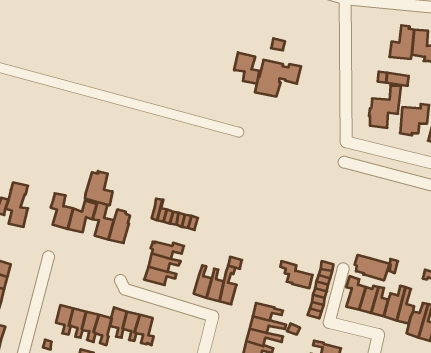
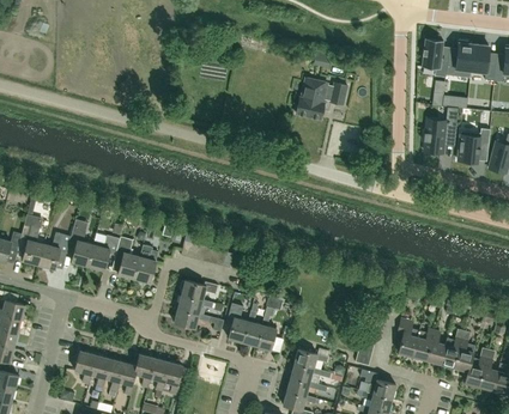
building: none -> [422,38,448,77]
building: [234,52,259,84] -> none
building: [85,171,112,205] -> none
building: none -> [38,231,71,268]
building: [355,255,390,280] -> none
building: [280,261,313,288] -> [359,369,395,398]

